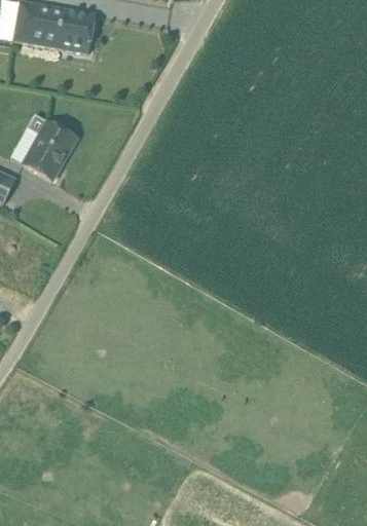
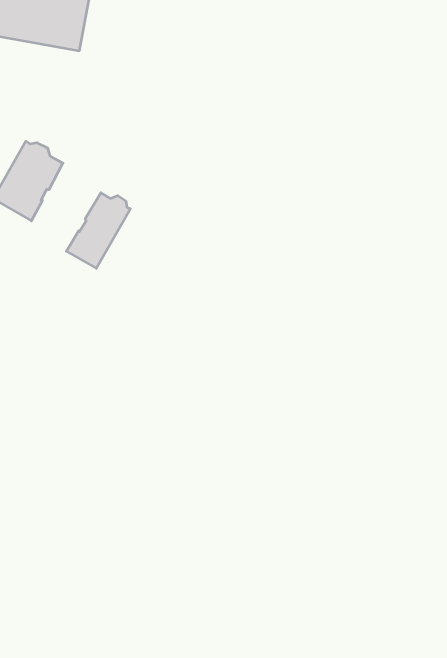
building: none -> [66,193,130,268]

